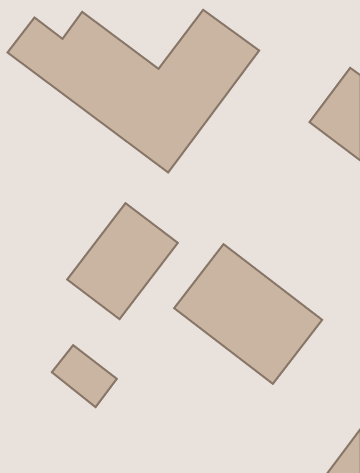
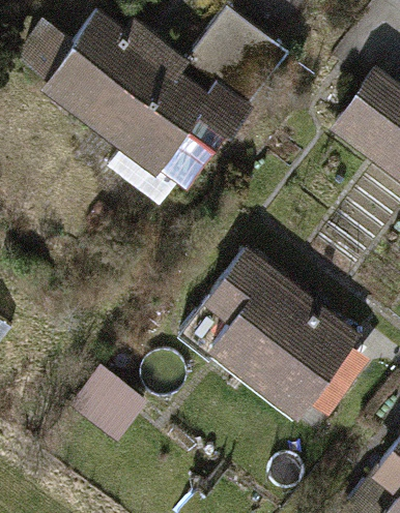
building: [67,203,178,319] -> none

